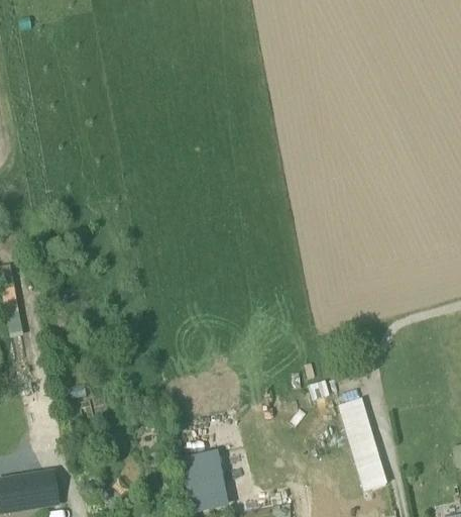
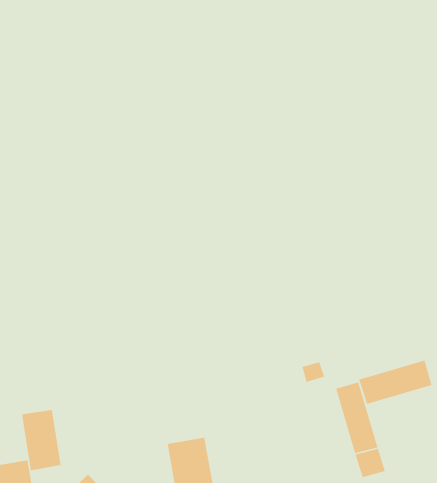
building: none -> [358,359,433,405]
building: none -> [21,409,61,471]

